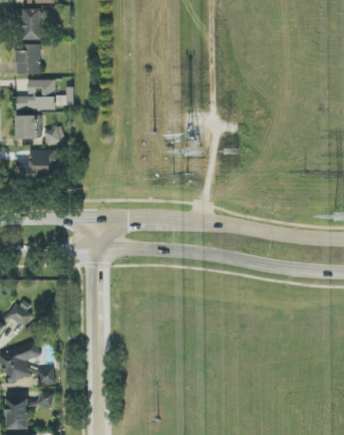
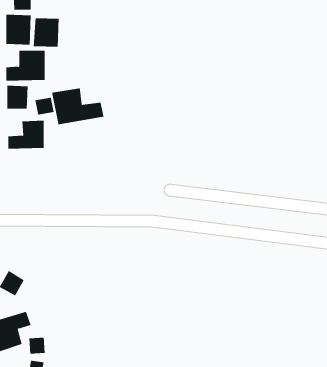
building: none -> [33,18,59,48]
building: none -> [52,88,104,125]

